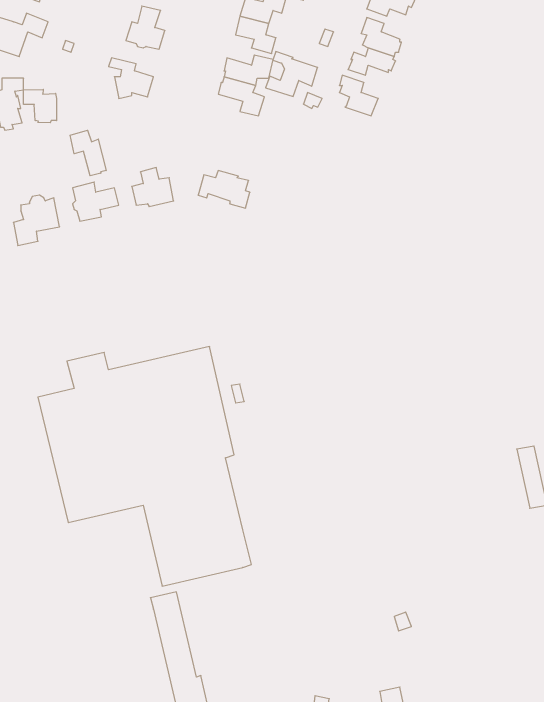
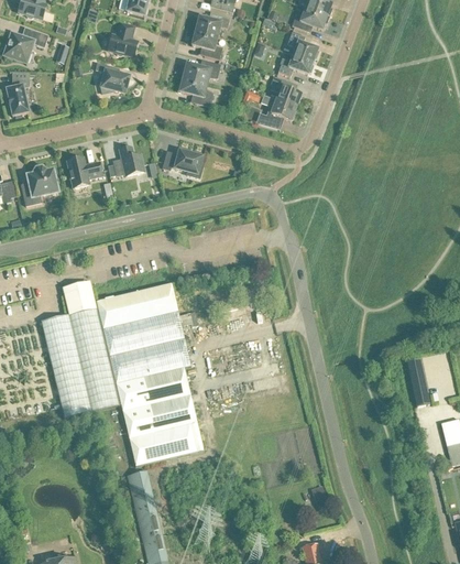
building: [266,52,318,96] -> [255,94,295,128]
building: [24,89,57,123] -> none
building: [70,130,106,176] -> none

